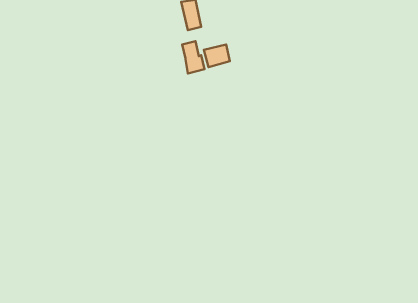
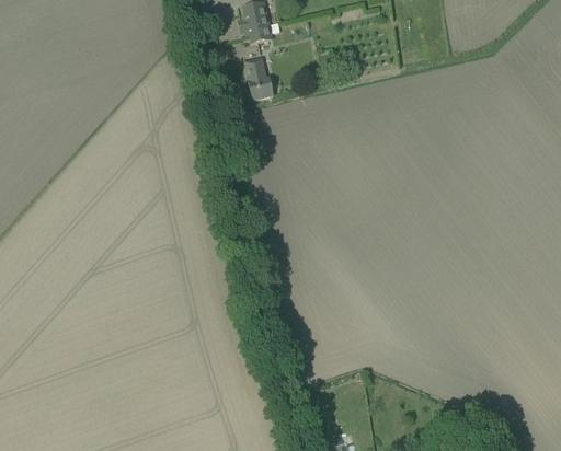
building: [204,44,230,67] -> none

